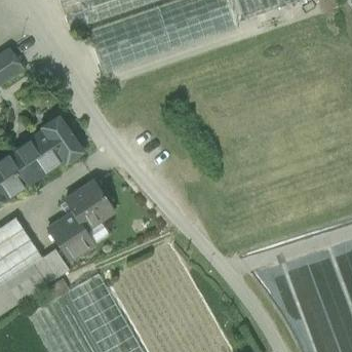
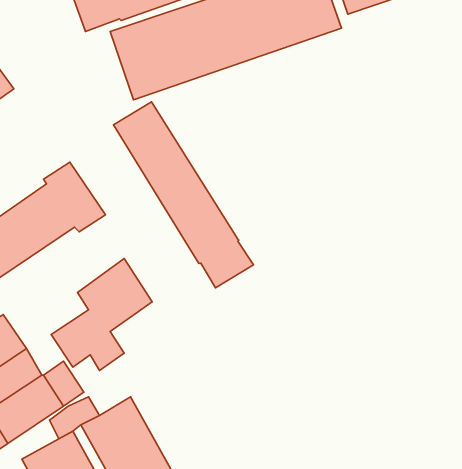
building: none -> [114,102,254,288]

